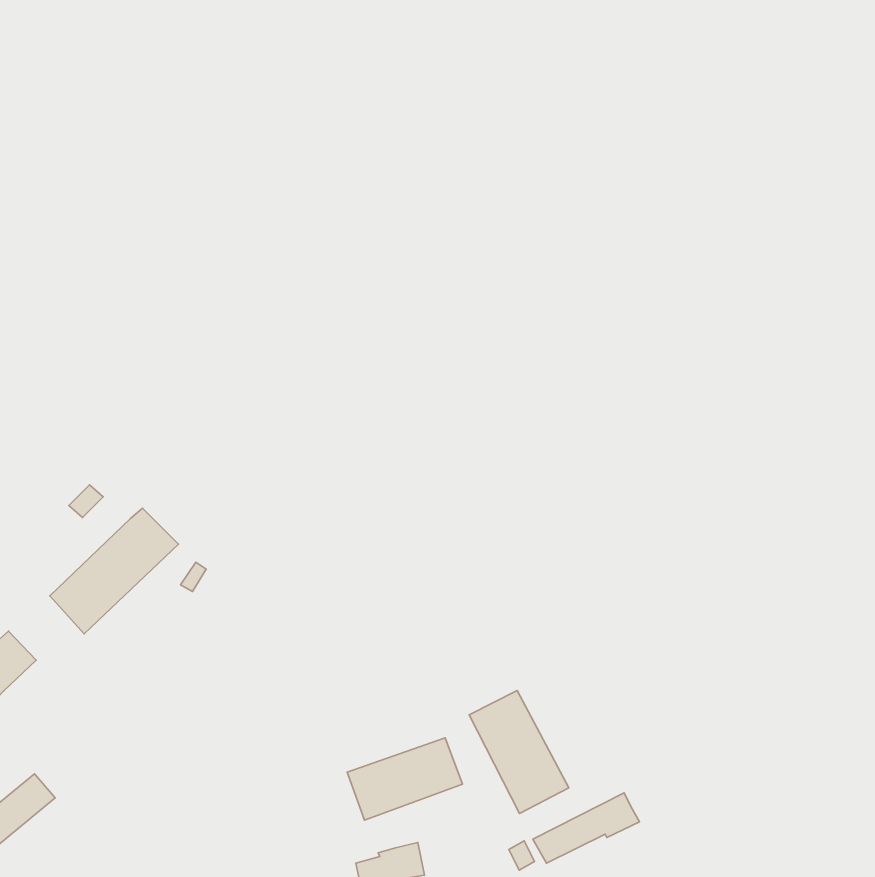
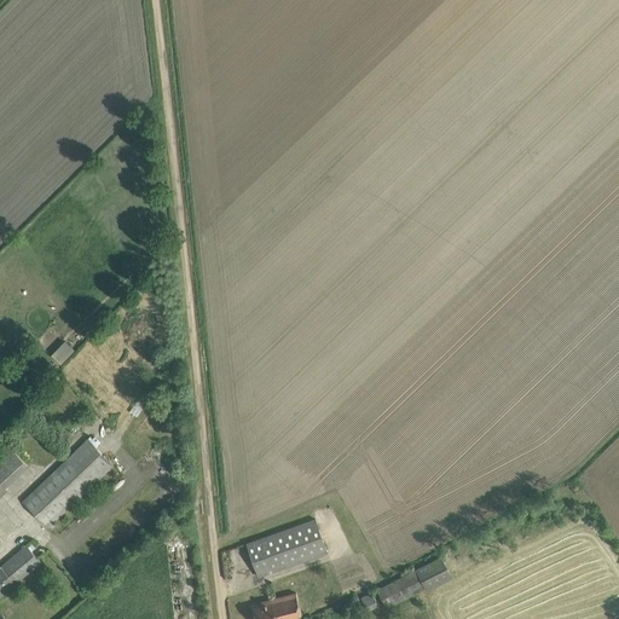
building: [50,508,179,634] -> [21,440,111,528]
building: [469,691,569,813] -> none

